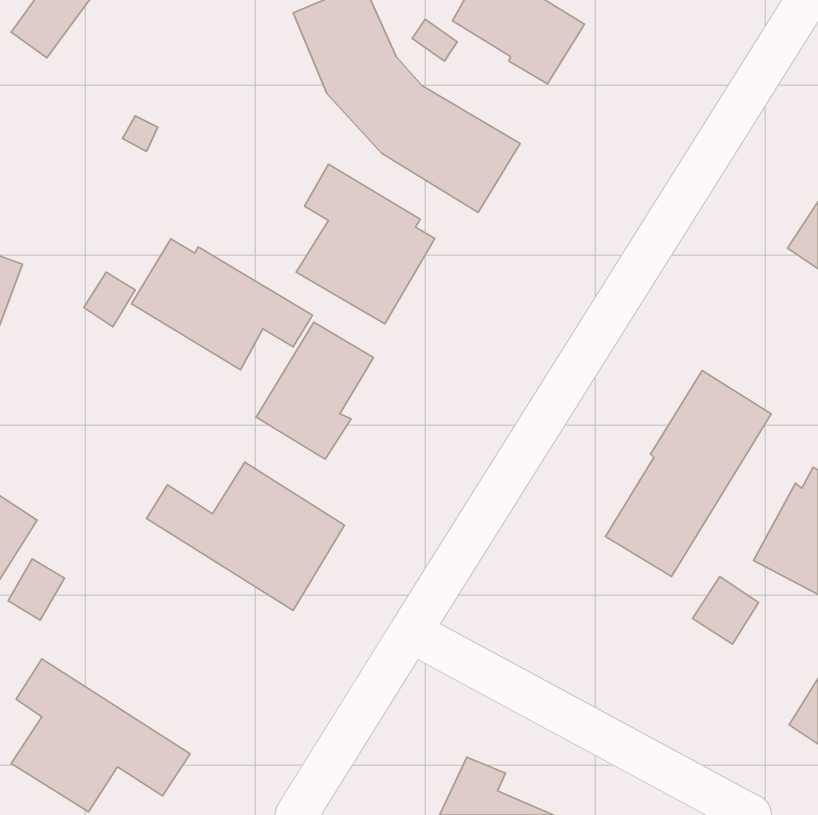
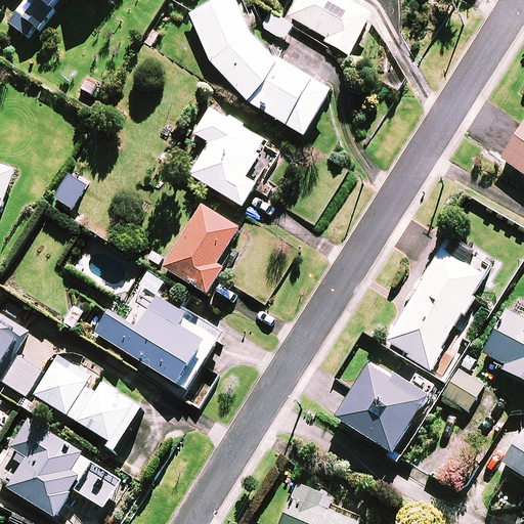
building: [132,239,313,370] -> none
building: none -> [34,354,142,445]
building: none -> [336,364,425,451]

